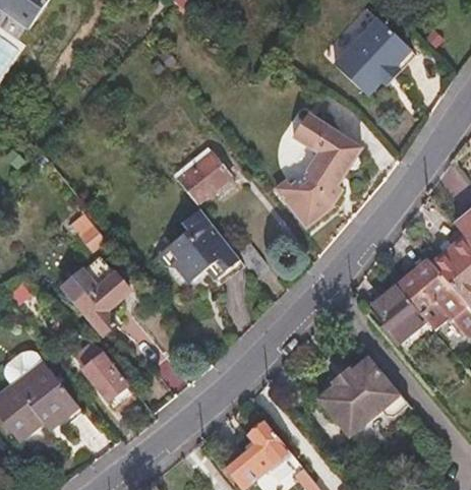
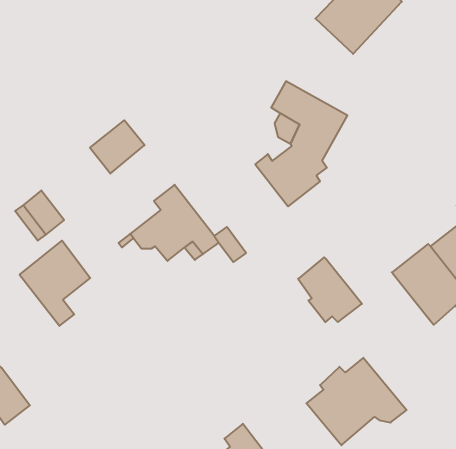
building: [180,154,229,201] -> [90,120,145,174]
building: [374,286,431,344] -> [298,257,362,322]
building: [74,342,134,411] -> none

